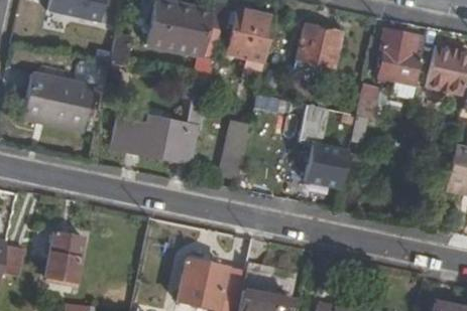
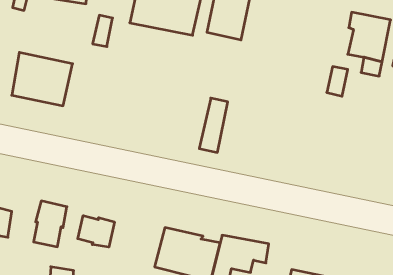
building: [298,23,340,63] -> none
building: [114,99,206,165] -> none
building: [300,105,349,192] -> none
building: none -> [78,216,114,247]

